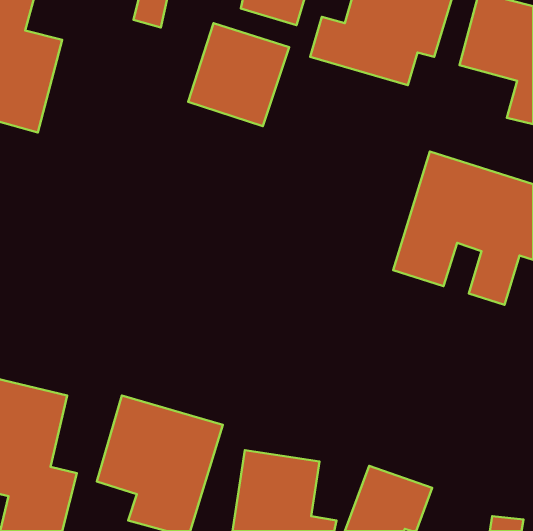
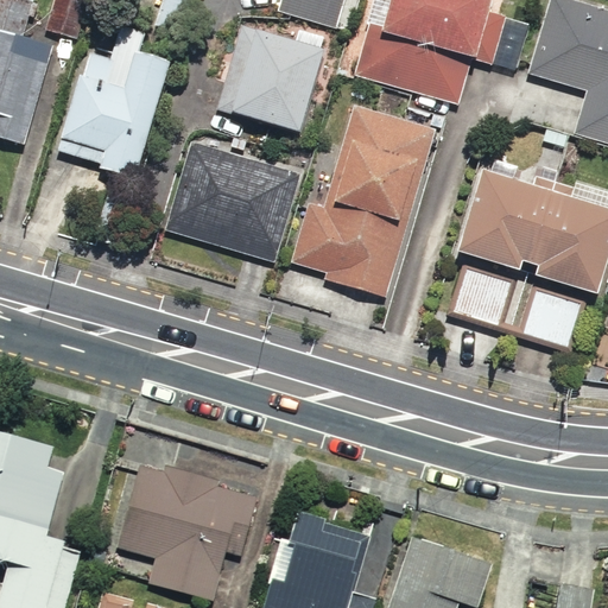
building: none -> [58,23,176,189]
building: none -> [289,108,435,296]
building: none -> [171,147,300,262]

